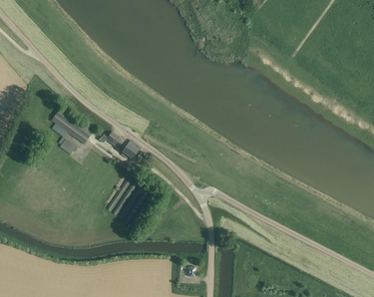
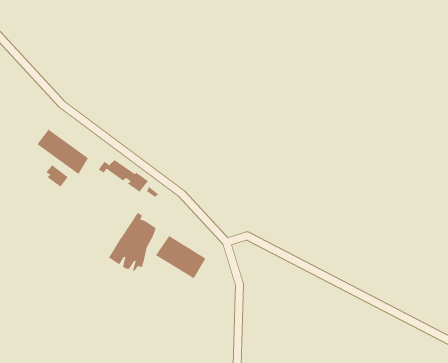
building: none -> [155,235,206,279]

